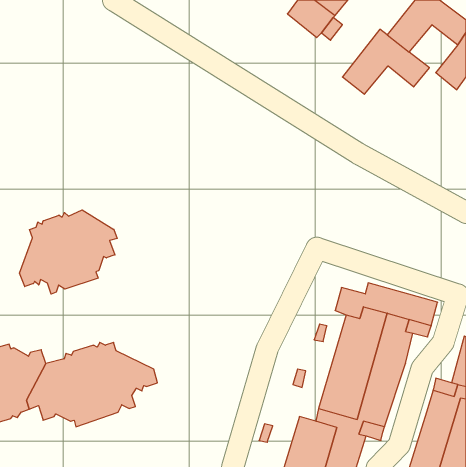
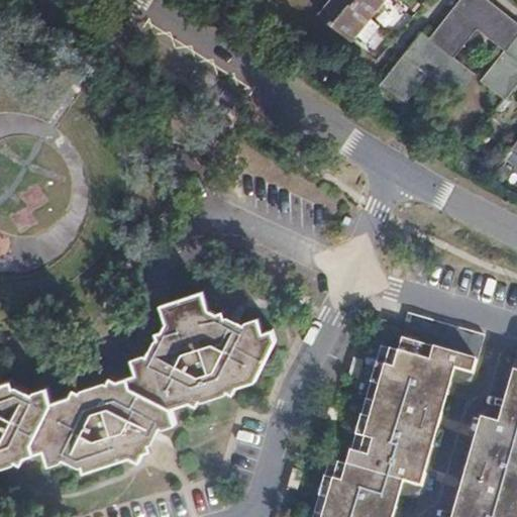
building: [20,210,117,294] -> none
building: none -> [125,296,272,408]

